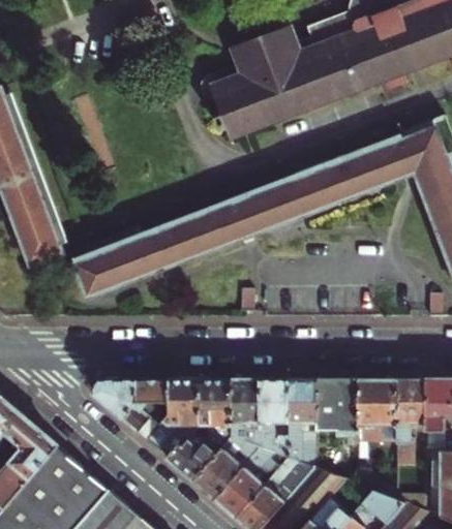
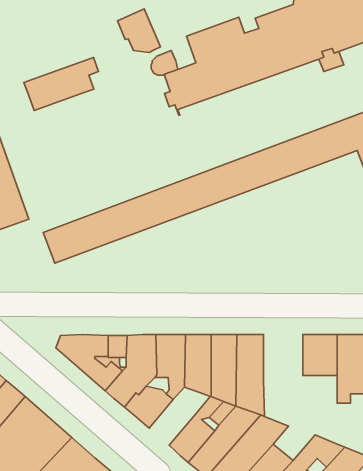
building: none -> [117,9,161,53]
building: none -> [24,57,98,111]
building: [314,376,357,441] -> none
building: [190,433,246,496] -> none

